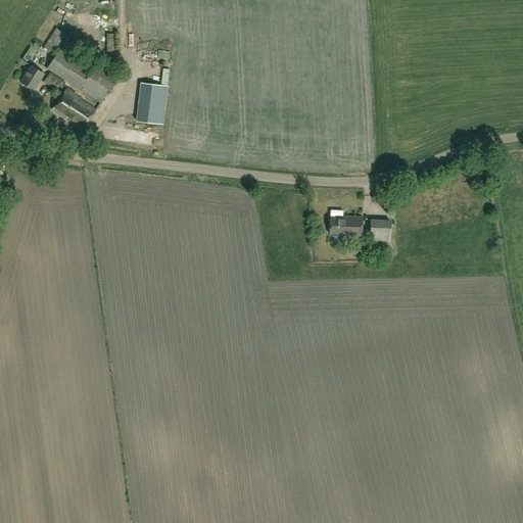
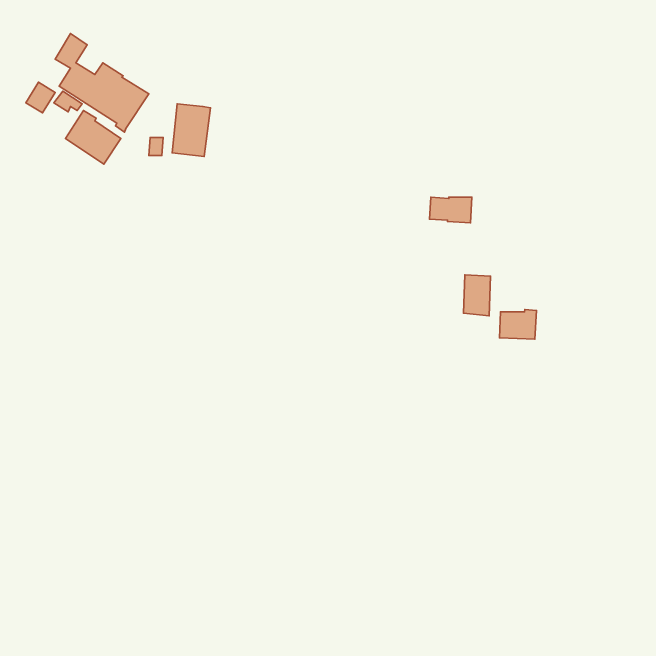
building: [329,217,363,237] -> [430,197,472,223]
building: none -> [499,310,536,339]

